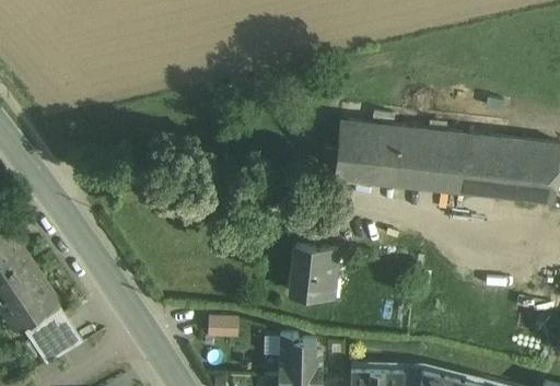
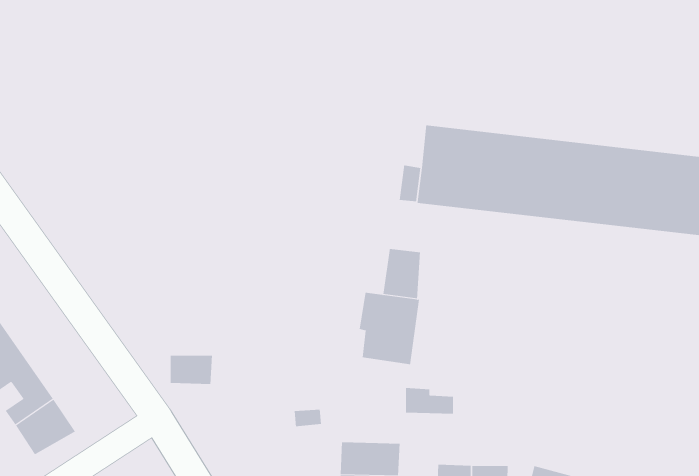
building: none -> [383,248,421,299]
building: [210,315,242,337] -> [170,355,213,385]
building: [279,335,315,354] -> [405,388,454,414]

